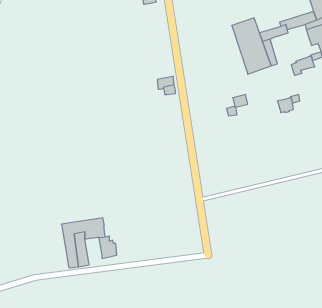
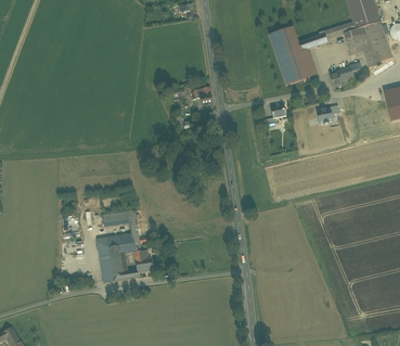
building: none -> [102,209,138,232]

